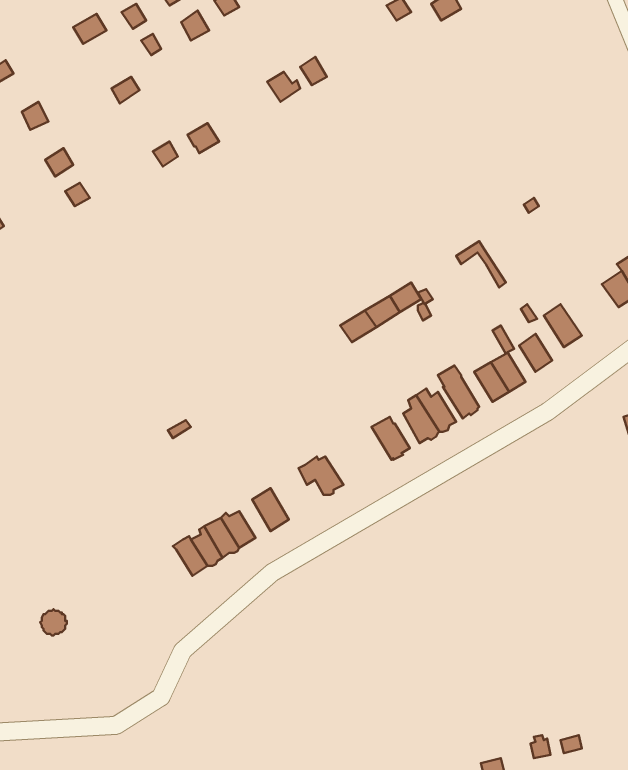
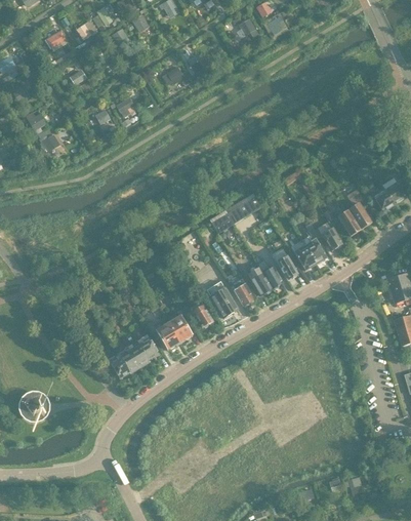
building: none -> [347,189,371,229]
building: none -> [206,281,237,317]
building: none -> [168,316,195,343]

